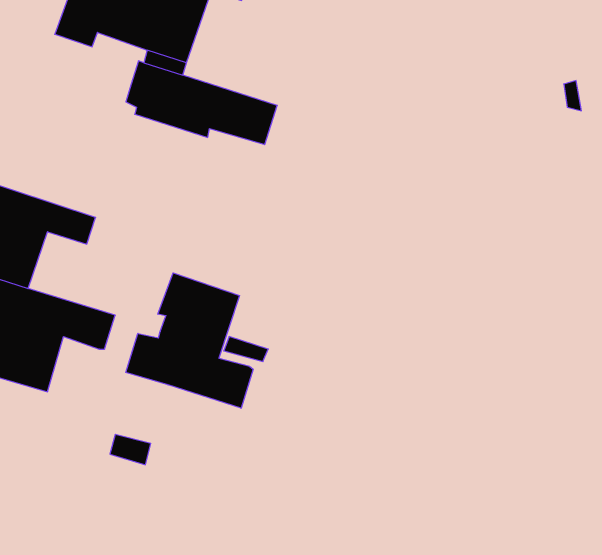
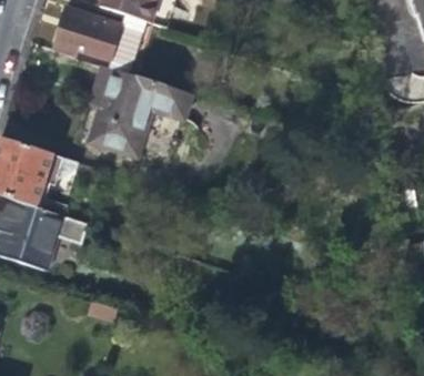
building: none -> [87,99,148,153]
building: [126,273,253,408] -> none

